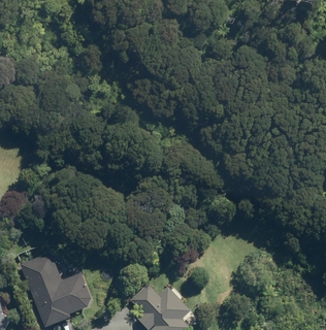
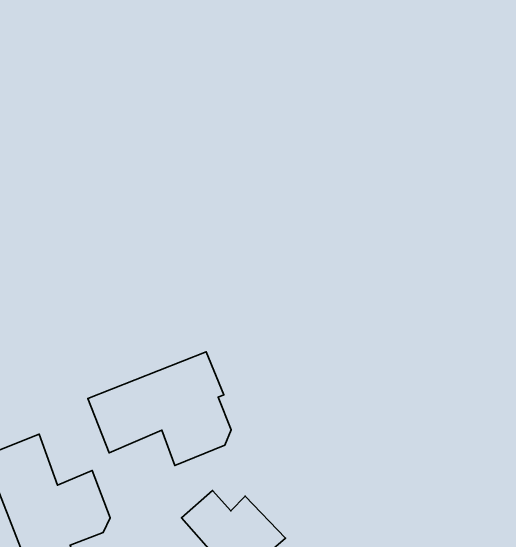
building: none -> [88,352,231,465]

